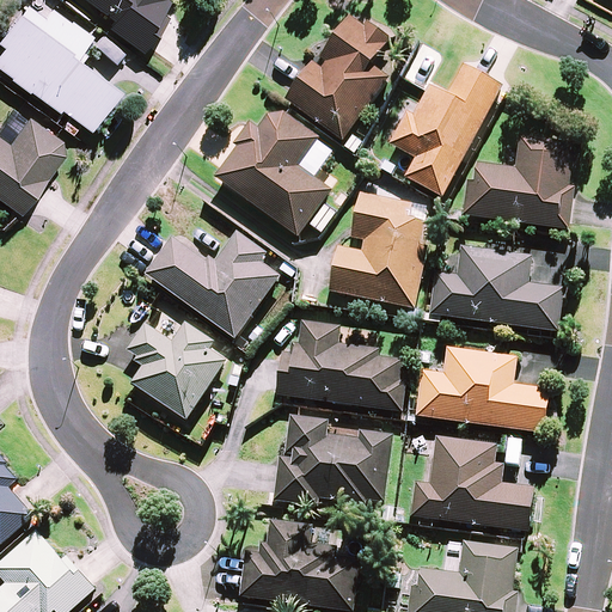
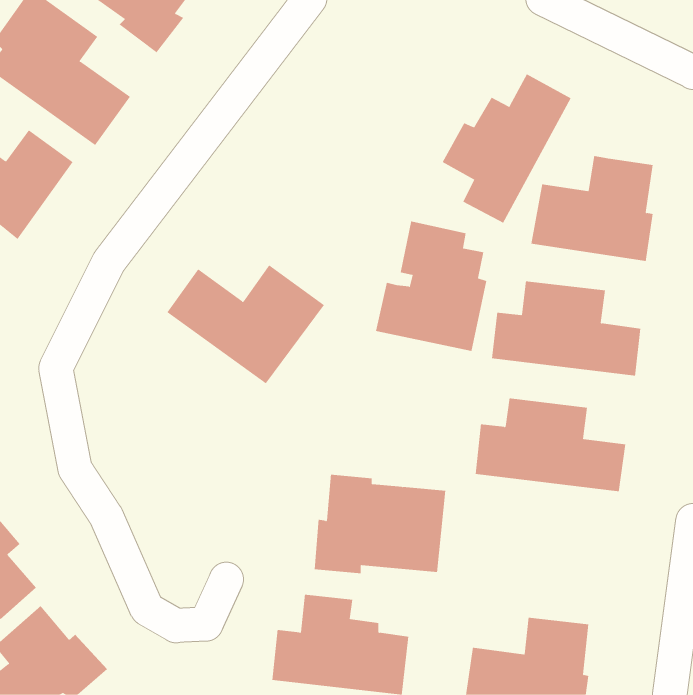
building: [286,13,386,140] -> none
building: [214,104,330,235] -> none
building: [277,322,405,411] -> none
building: [127,323,224,418] -> none
building: [411,436,533,531] -> none

